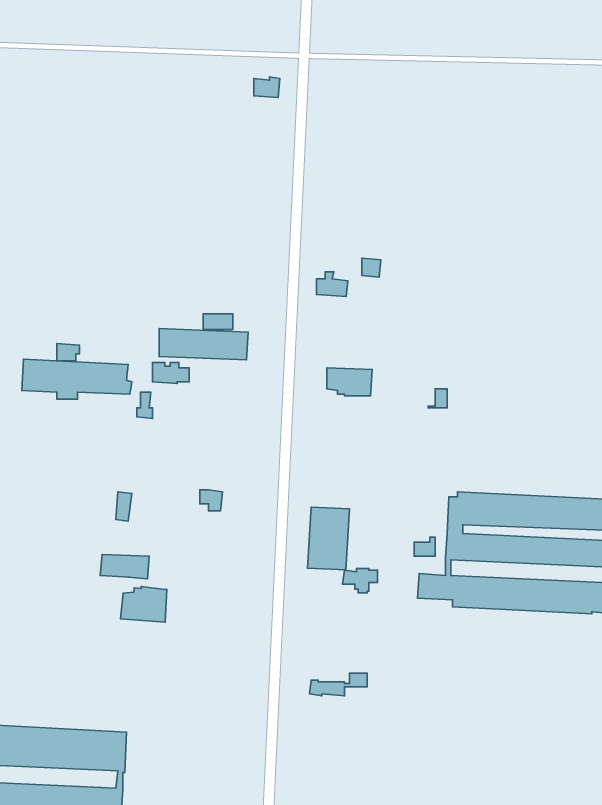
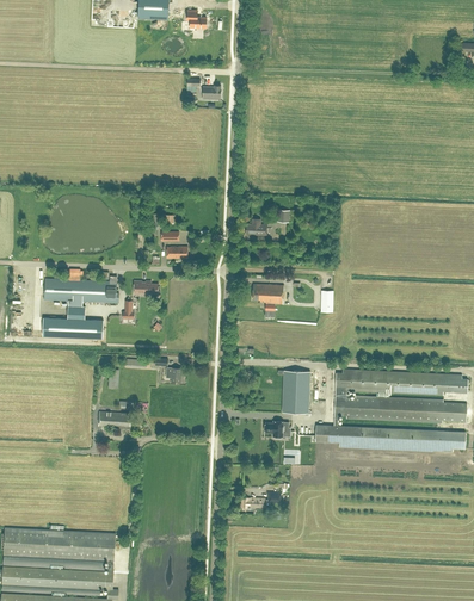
building: [159,329,248,360] -> [42,317,103,339]
building: [308,507,349,570] -> [281,370,309,413]
building: [121,586,167,622] -> none

